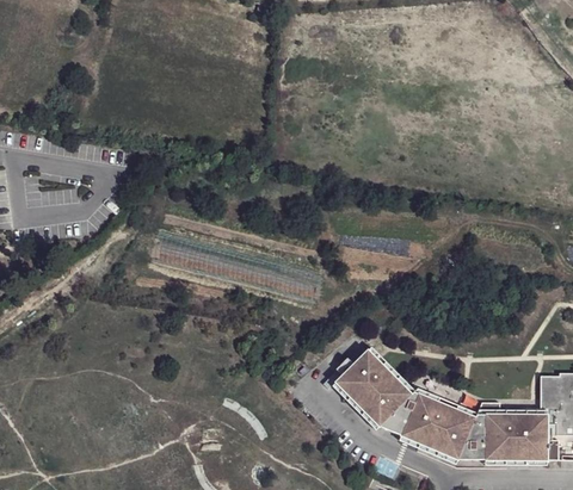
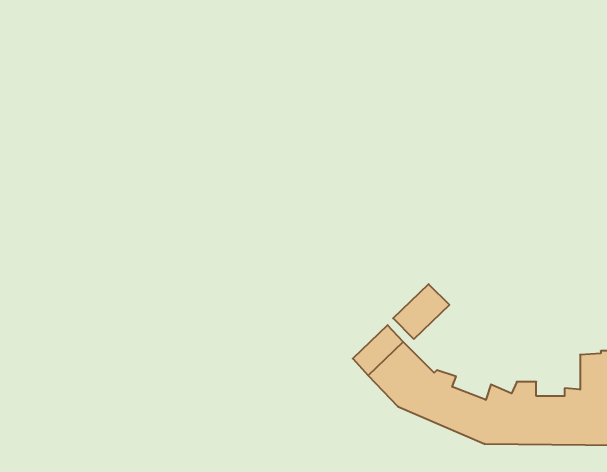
building: none -> [393,284,449,339]

